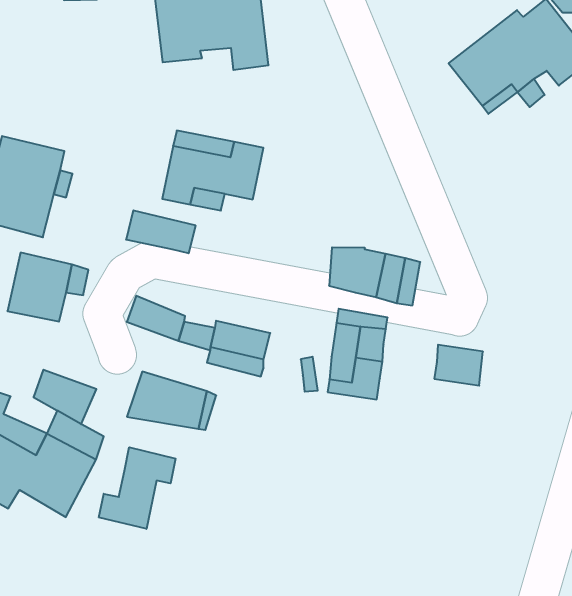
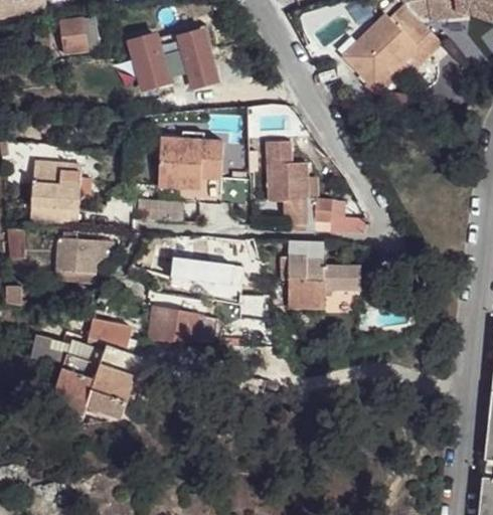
building: none -> [262,142,304,202]
building: [434,345,483,386] -> [326,264,359,288]
building: [99,447,176,529] -> none

